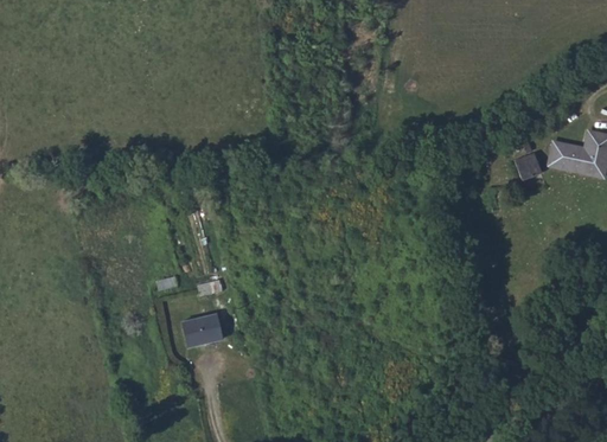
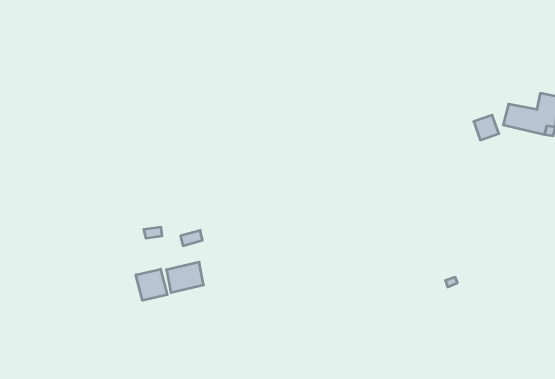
building: none -> [136,269,167,300]

